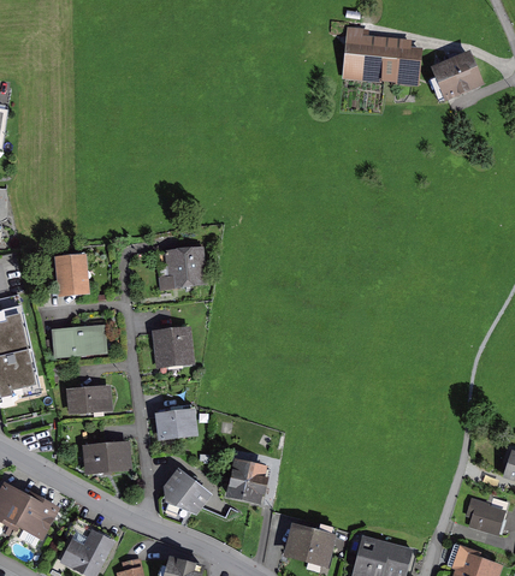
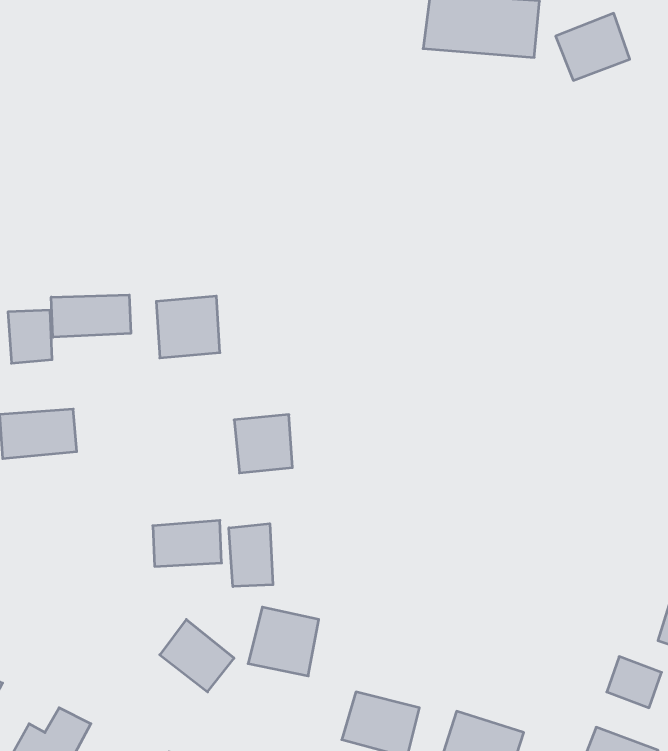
building: none -> [51,295,131,337]
building: [150,331,190,370] -> [234,415,292,473]
building: [67,384,111,414] -> none
building: none -> [229,524,273,587]
building: [85,440,130,475] -> none

